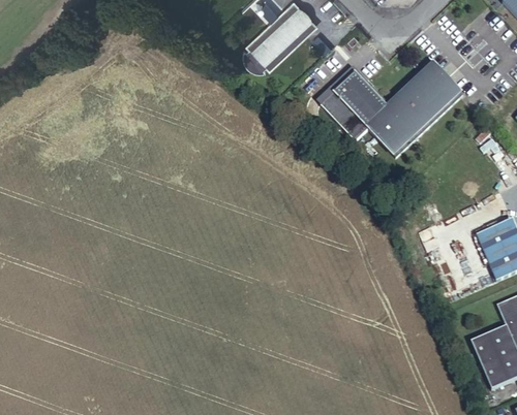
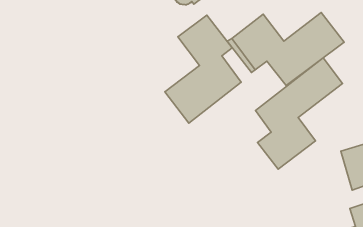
building: none -> [165,15,241,123]
building: none -> [256,58,342,169]

